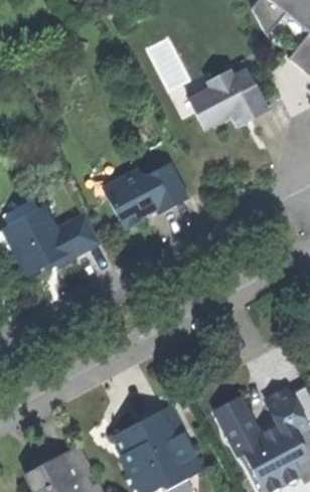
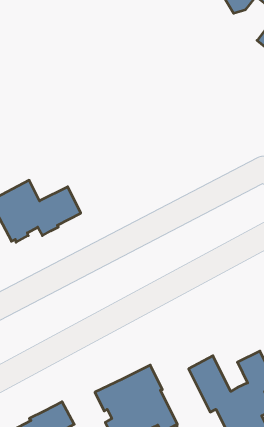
building: [189,68,269,128] -> none
building: [108,165,186,228] -> none

